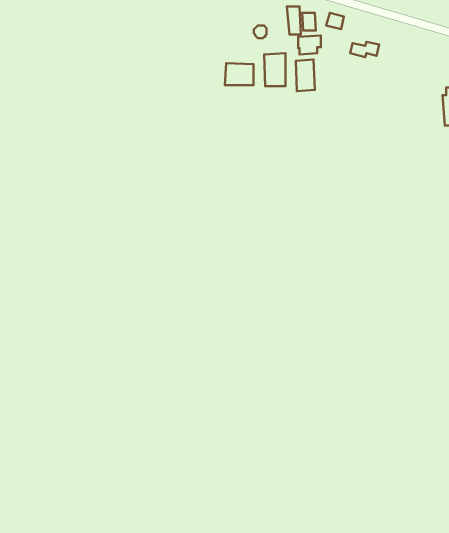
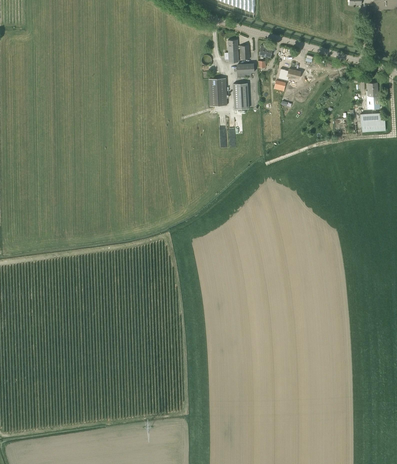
building: [225,63,253,85] -> none

